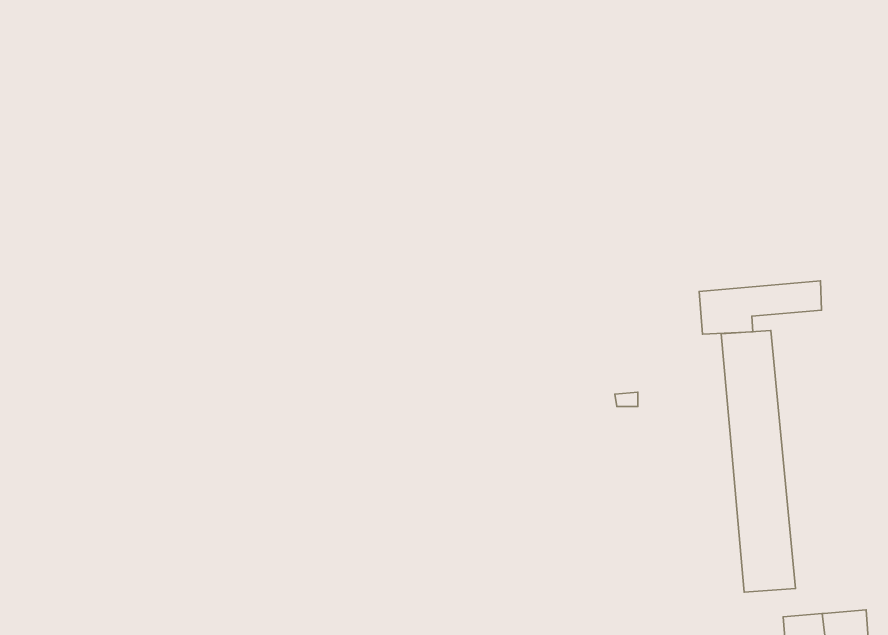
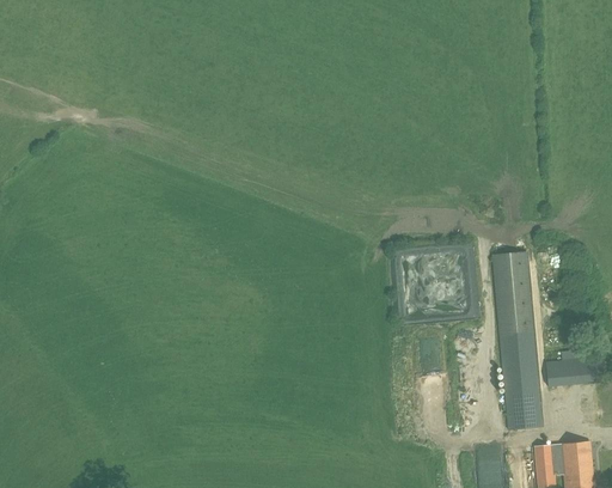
building: [699,281,822,334] -> none
building: none -> [546,356,598,385]

